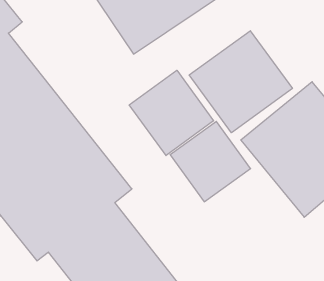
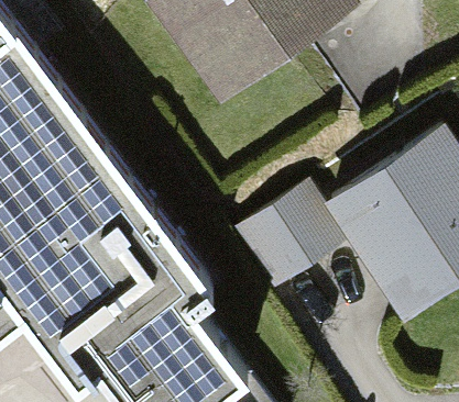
building: [189,31,292,133] -> none
building: [129,70,214,156] -> none

